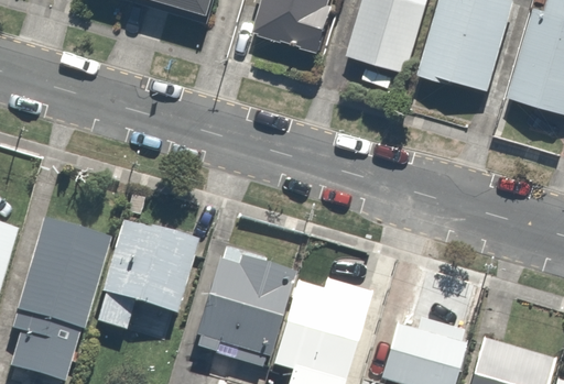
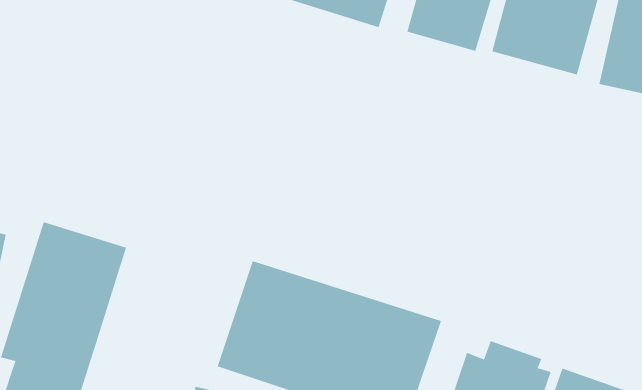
building: [88,217,205,328] -> none

